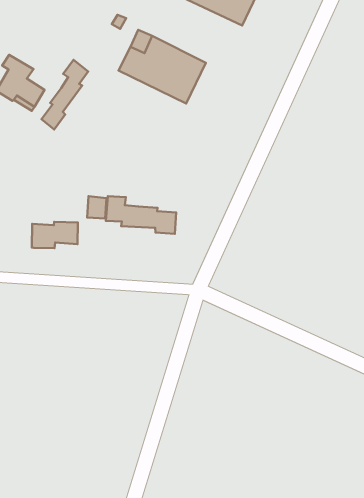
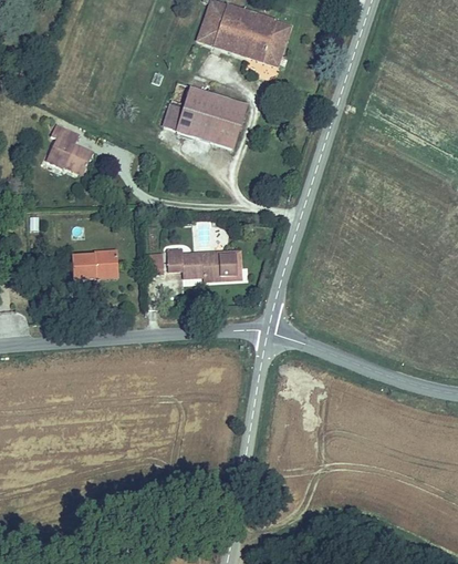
building: [42,60,88,129] -> none
building: [32,222,78,248] -> [74,249,121,279]

